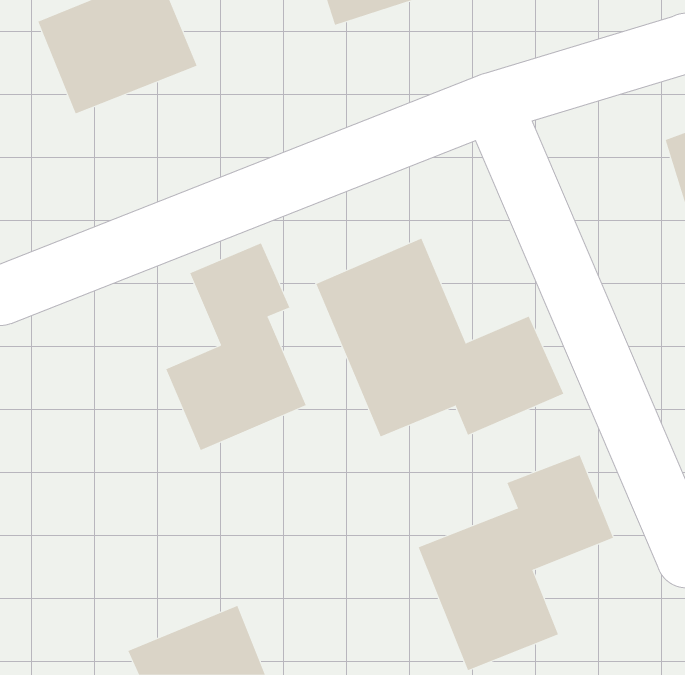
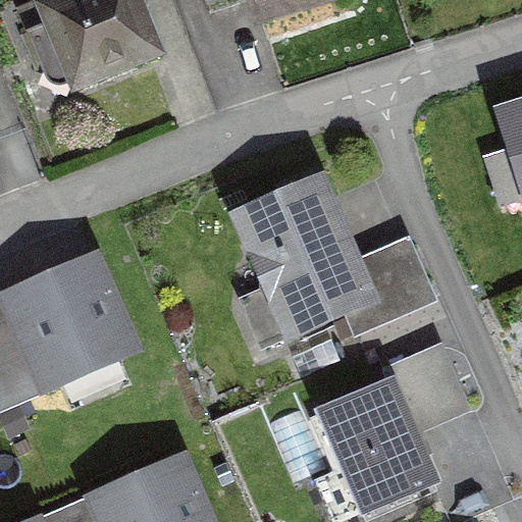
building: [165,242,307,451] -> none
building: none -> [7,261,130,385]

